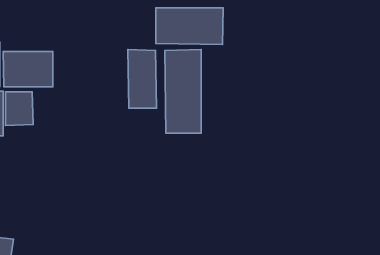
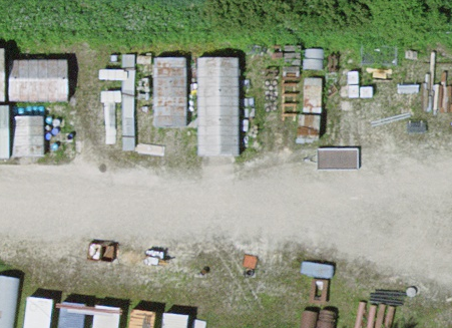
building: [156,8,223,44] -> none

